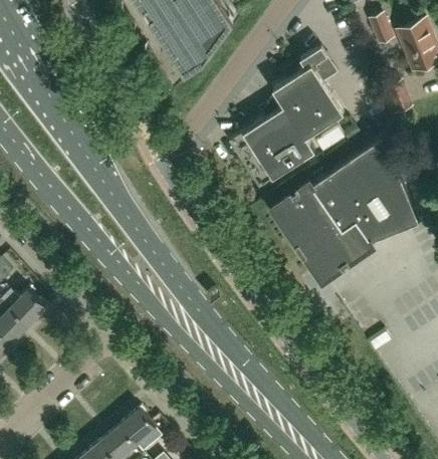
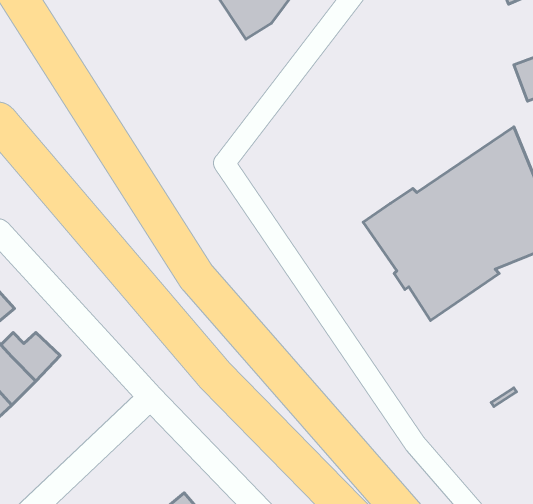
building: [229,46,344,187] -> none

